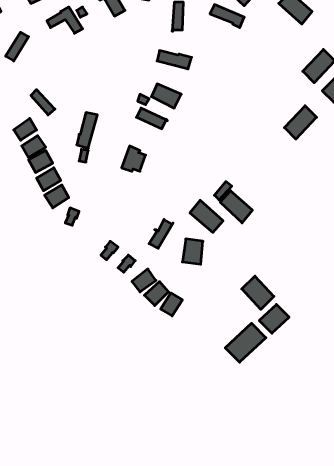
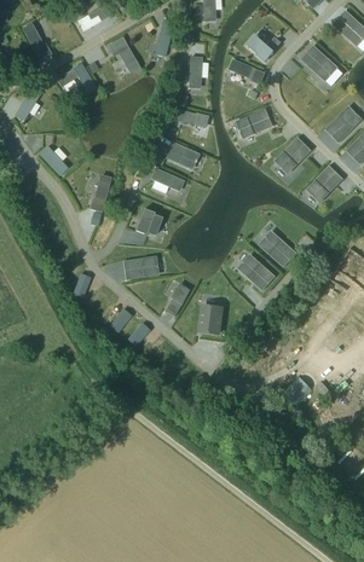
building: none -> [236,109,272,137]
building: none -> [276,138,310,172]
building: none -> [123,256,157,278]
building: [190,200,223,232] -> [260,231,295,265]
building: [242,276,274,309] -> none
building: [225,323,266,362] -> none

